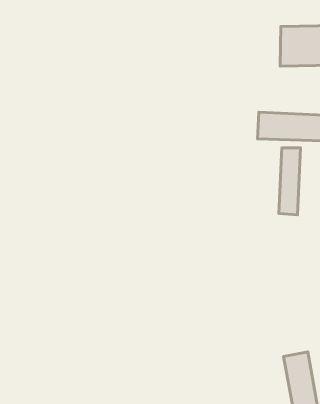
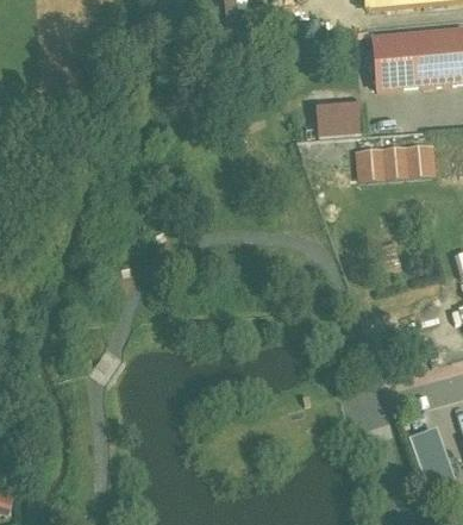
building: none -> [315,102,361,136]
building: [279,148,300,215] -> none

